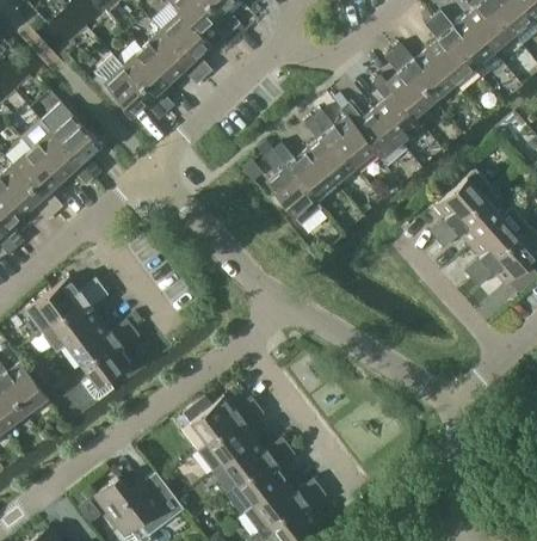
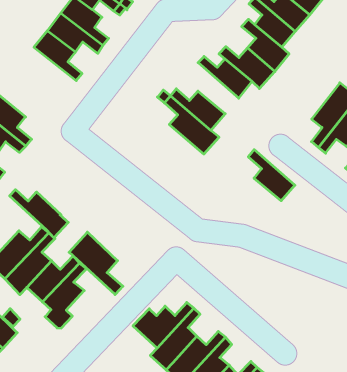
building: [93,56,166,121] -> none
building: [304,117,353,183] -> [248,150,295,201]
building: none -> [10,190,68,238]
building: none -> [69,232,123,295]

